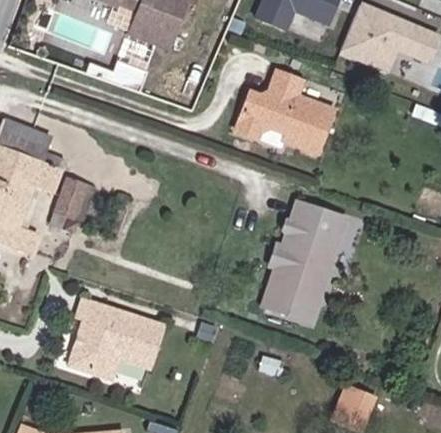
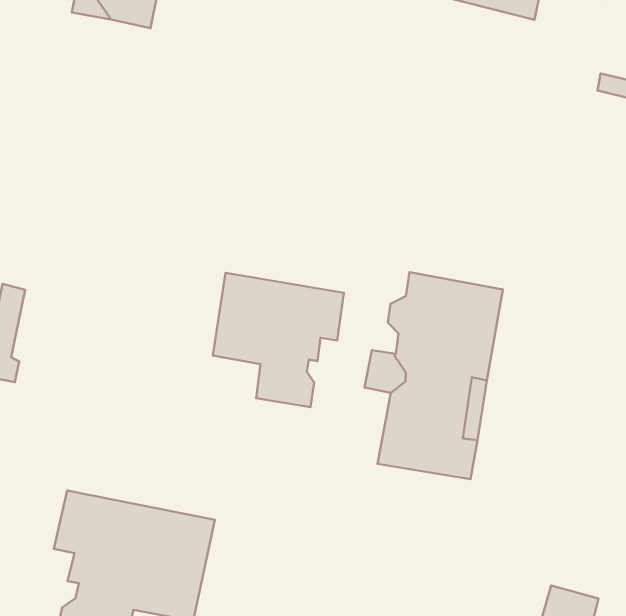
building: [237,72,335,154] -> none
building: none -> [213,273,344,407]

